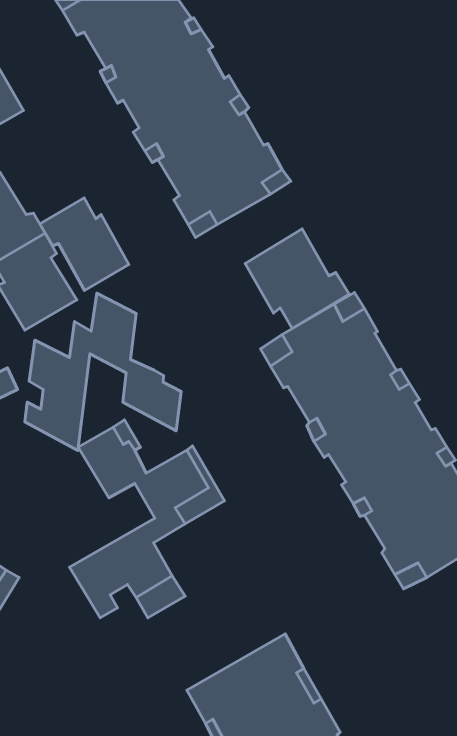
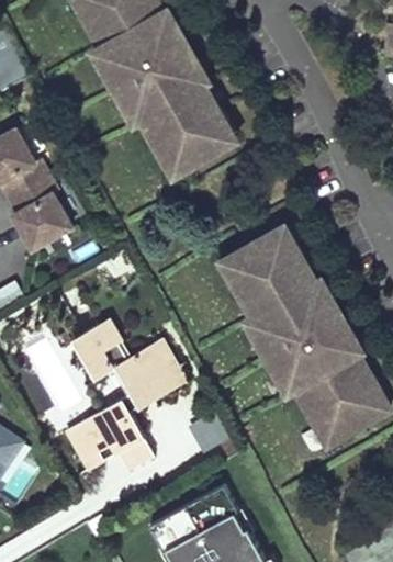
building: [40,198,129,290] -> none
building: [245,229,349,329] -> none
building: [25,293,181,451] -> none

